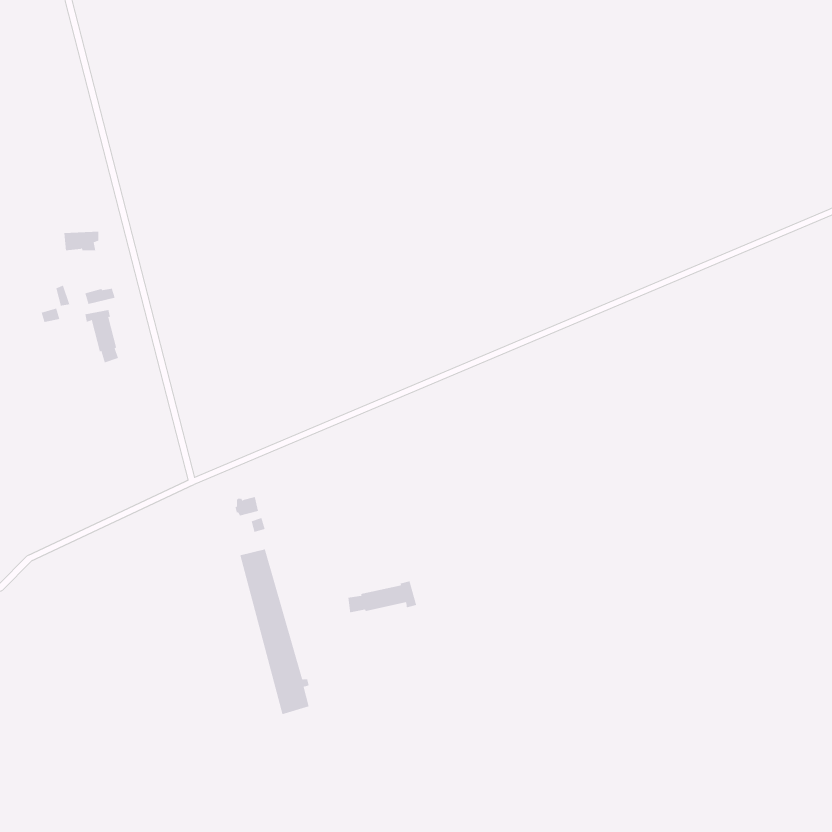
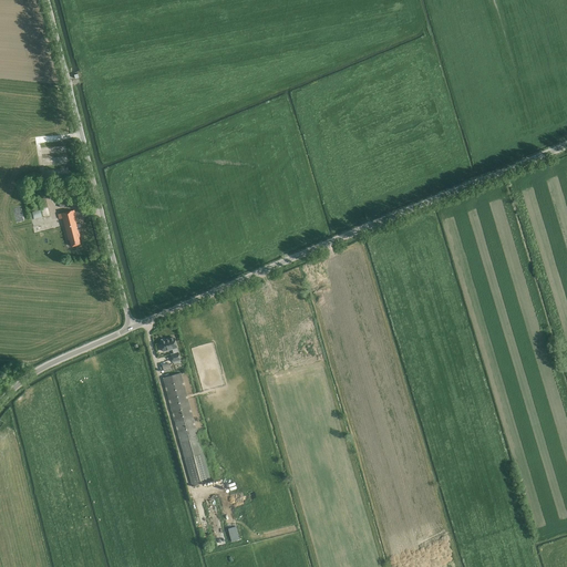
building: [348,580,417,613] -> none

